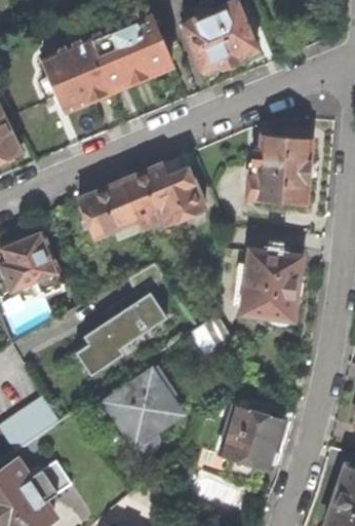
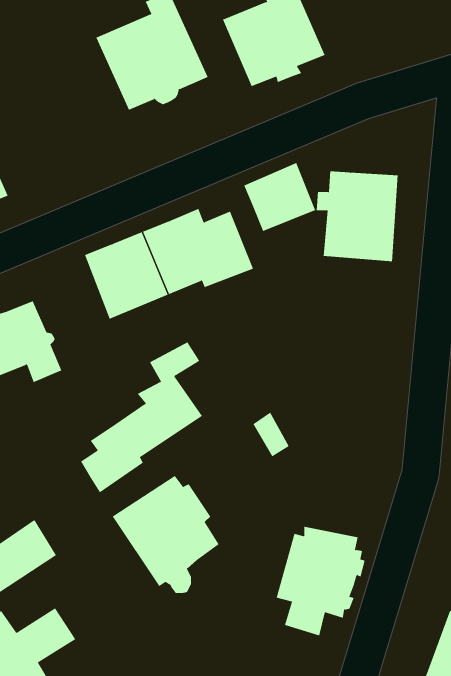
building: [41,36,111,110] -> none
building: none -> [243,162,316,232]
building: [243,250,304,325] -> none

